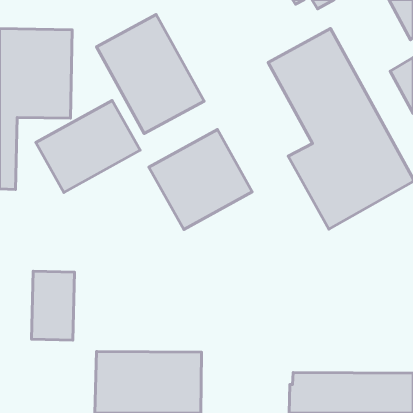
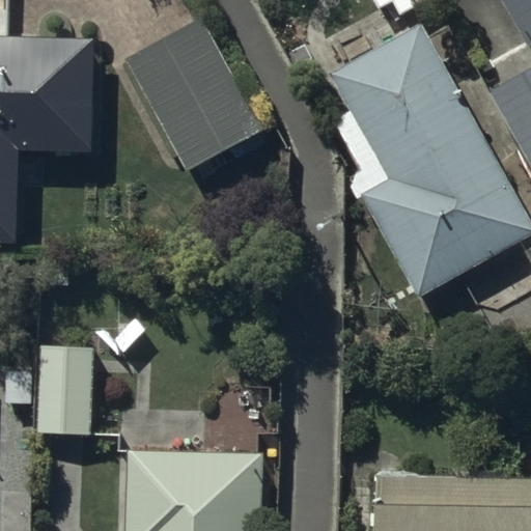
building: [36,100,140,192] -> none
building: [149,129,252,230] -> none

